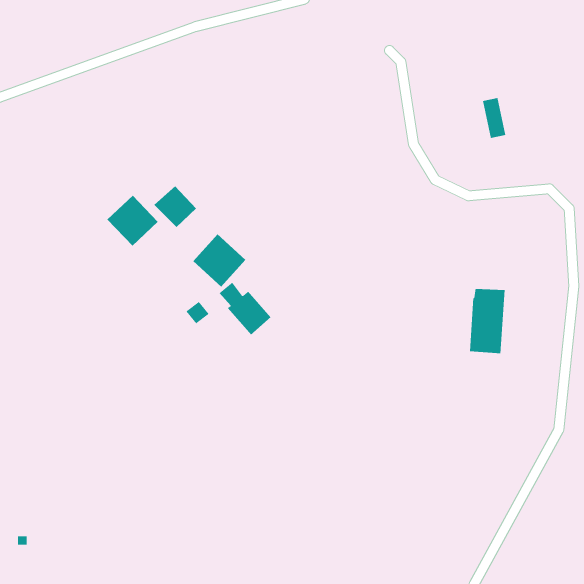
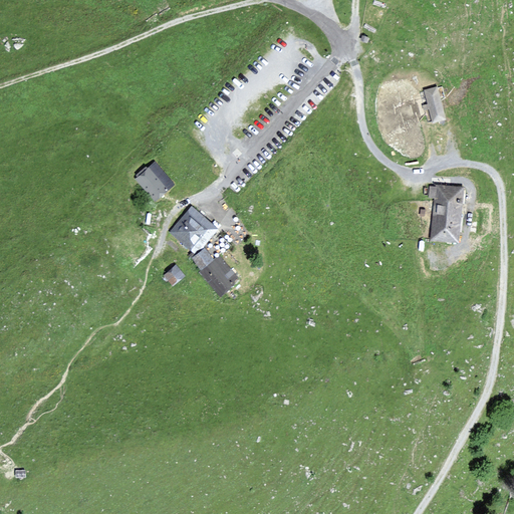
building: [107,195,159,247] -> none
building: [469,289,506,354] -> [431,185,463,242]

